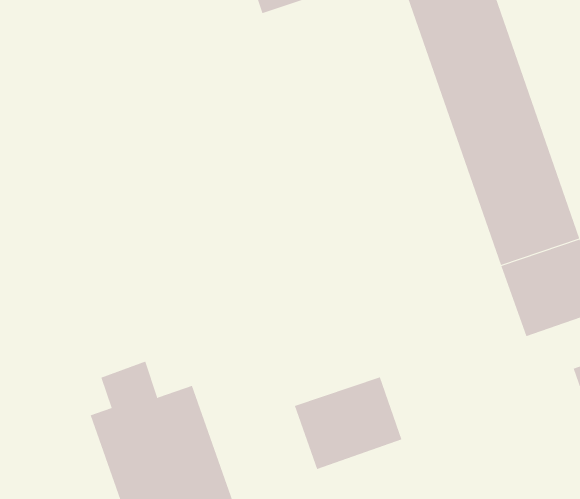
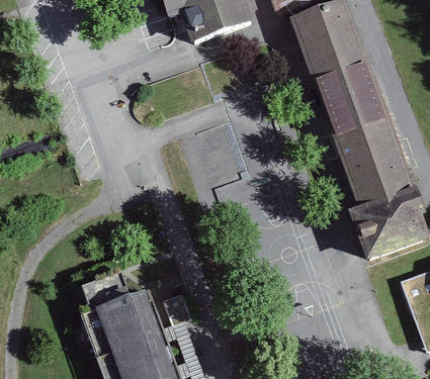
building: [294,376,402,470] -> none

